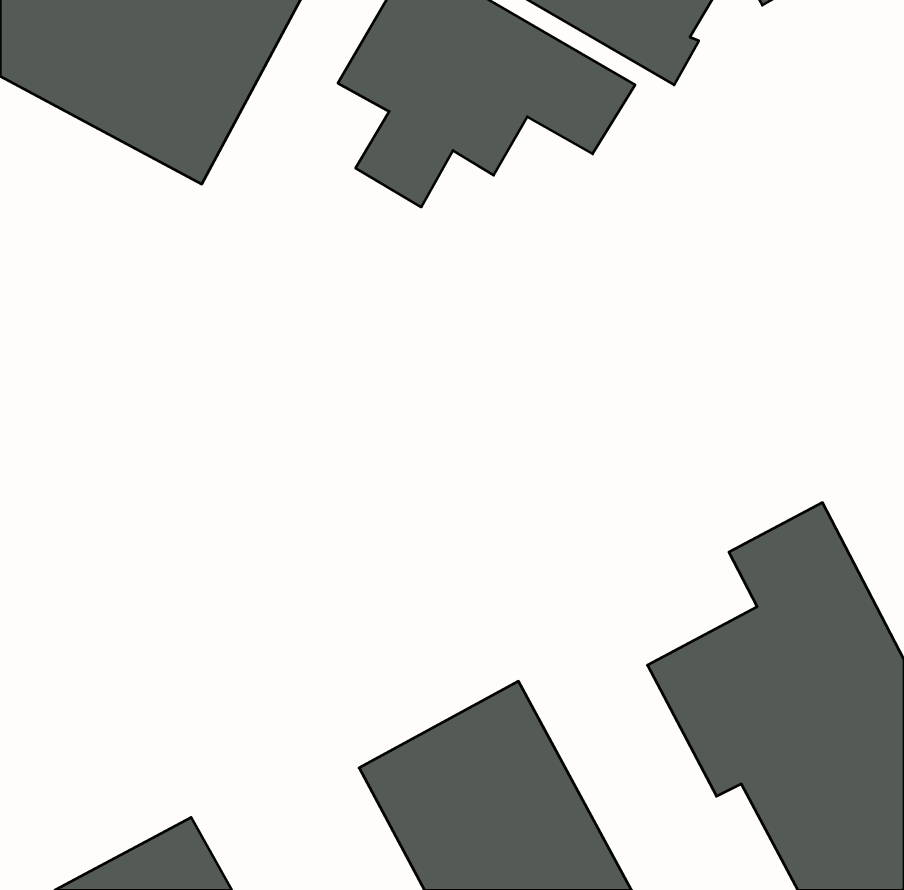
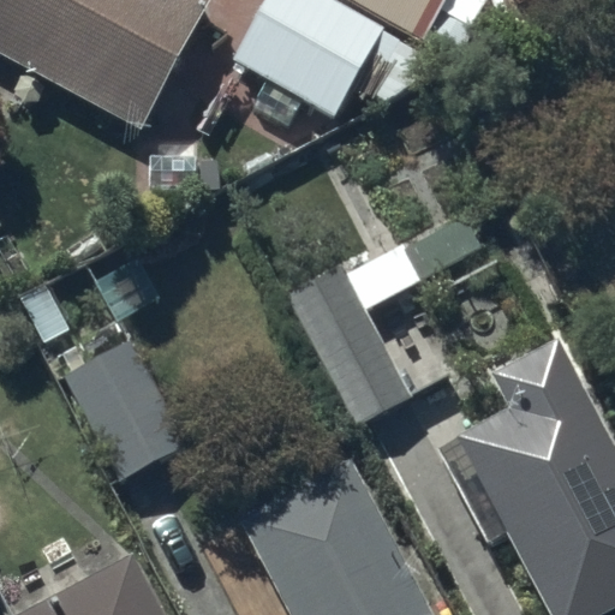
building: none -> [283,213,484,425]
building: none -> [64,339,189,478]

